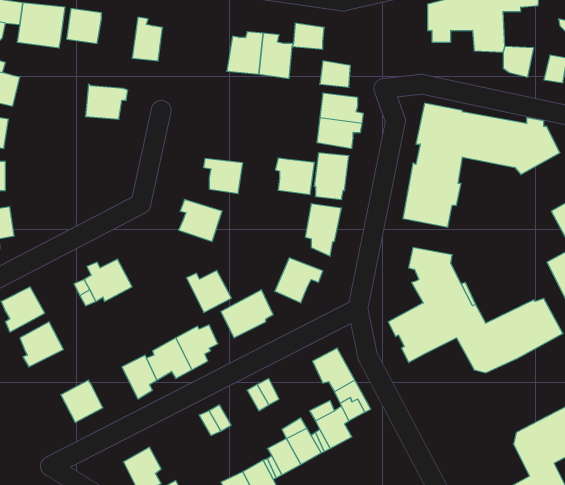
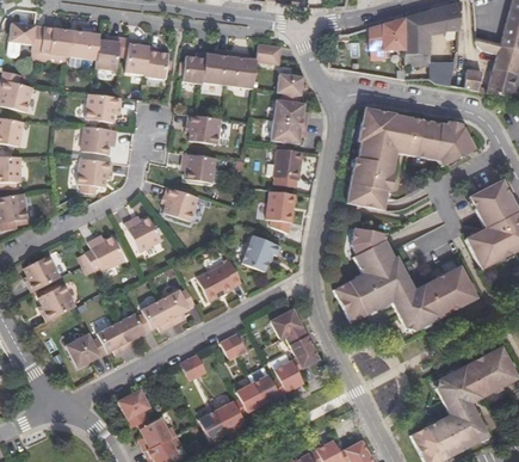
building: none -> [94,33,124,69]
building: none -> [146,45,167,78]
building: none -> [183,51,206,82]
building: none -> [82,125,117,153]
building: [275,158,315,195] -> [187,113,220,143]
building: none -> [78,158,112,185]
building: [186,270,231,313] -> [124,216,161,251]
building: none -> [91,324,129,357]

